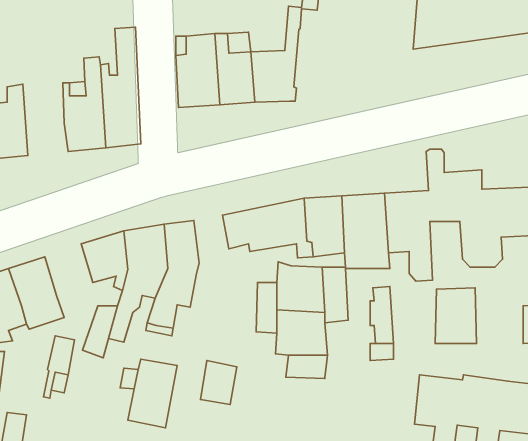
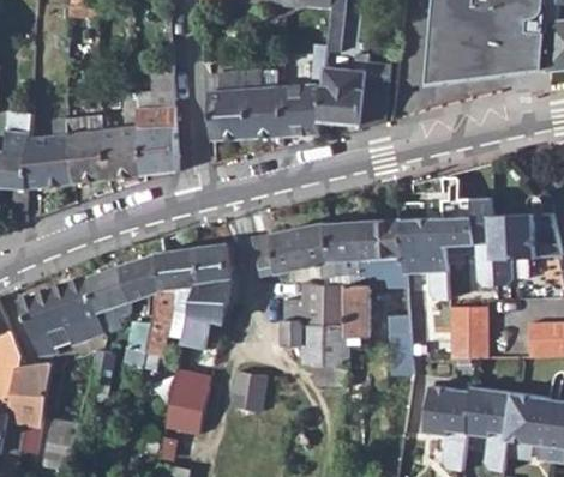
building: none -> [318,53,389,128]
building: none -> [67,114,109,183]
building: none -> [88,265,132,333]

